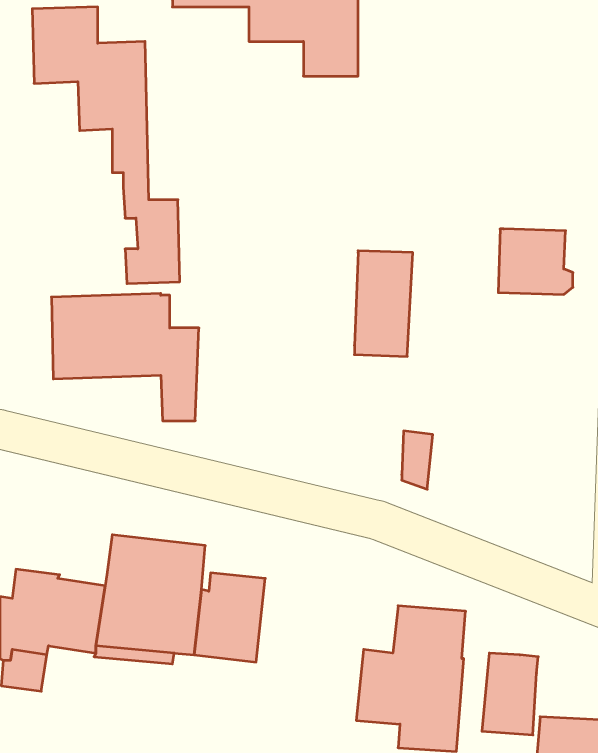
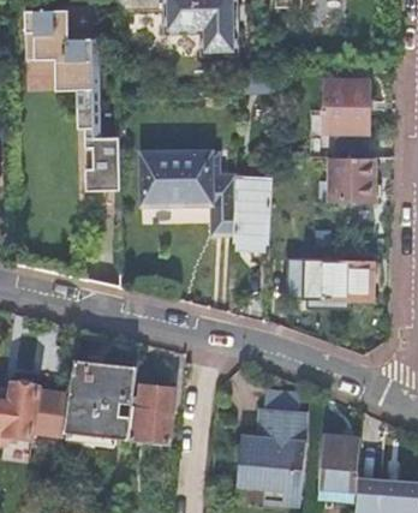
building: none -> [324,70,368,135]
building: [51,293,199,421] -> [139,150,237,234]
building: none -> [303,260,372,308]

